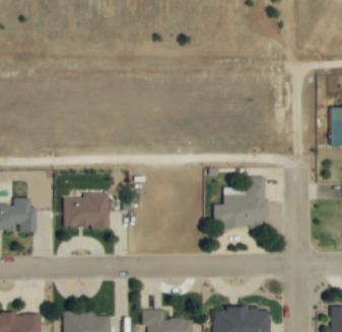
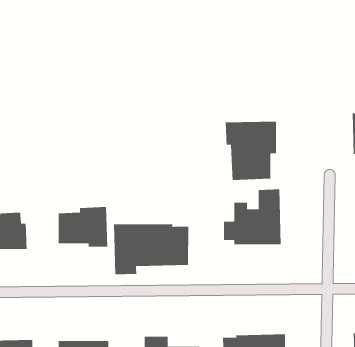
building: none -> [225,121,277,181]
building: none -> [113,224,189,275]

